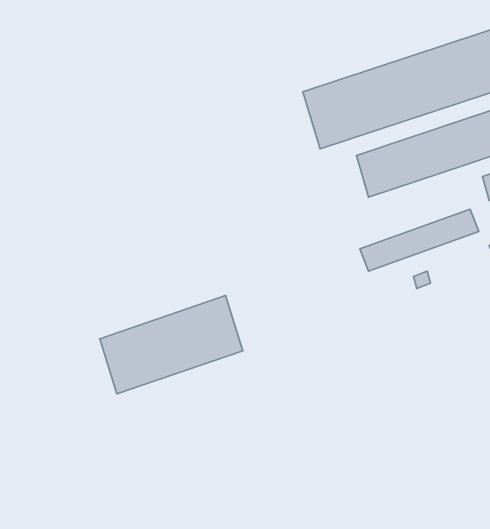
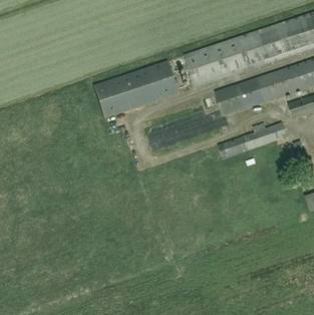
building: [100,296,243,394] -> [94,60,178,117]

